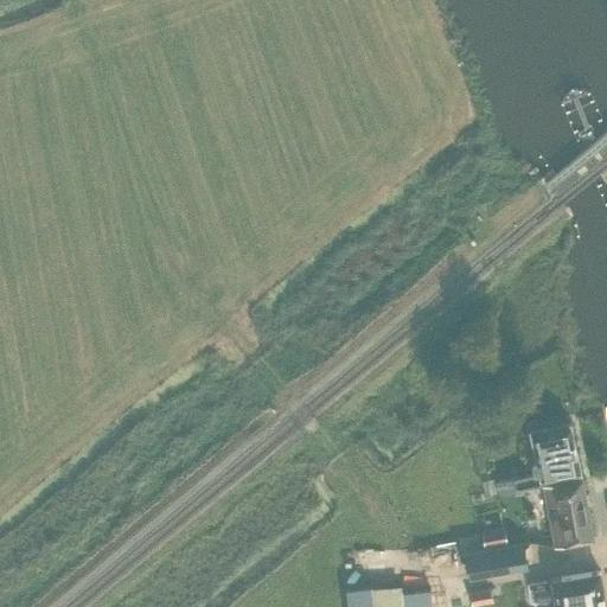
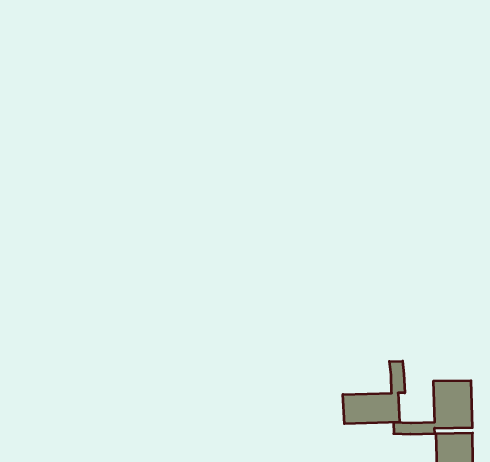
building: none -> [343,361,405,424]

